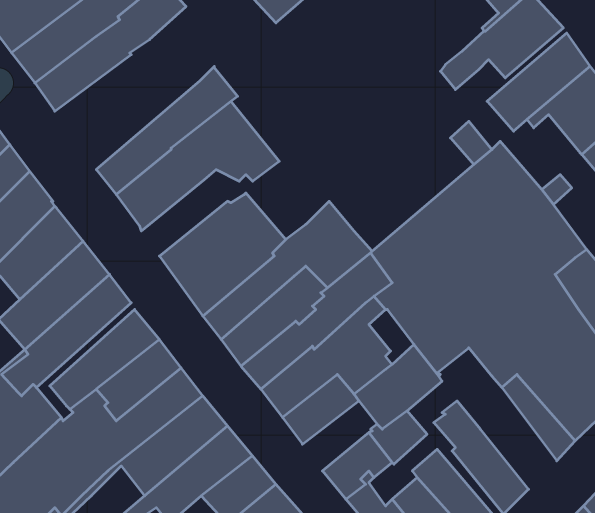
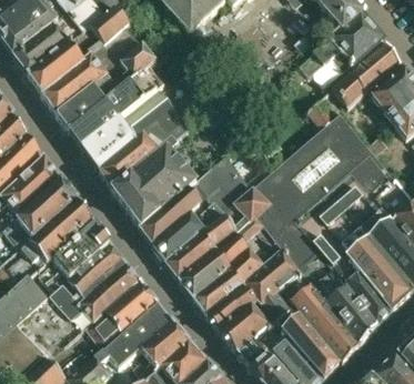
building: none -> [42,42,154,131]
building: none -> [100,131,174,189]
building: none -> [311,269,377,344]
building: none -> [208,285,258,332]

